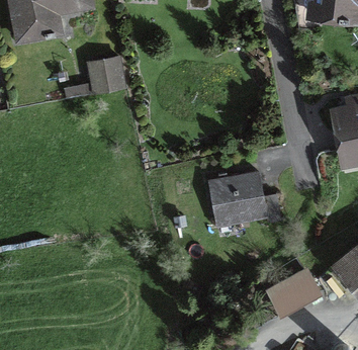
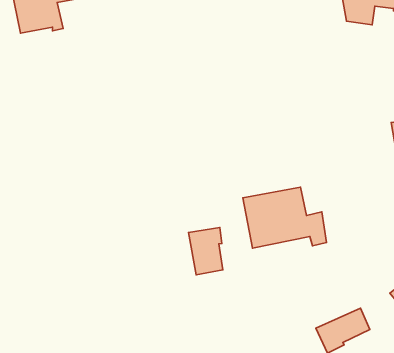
building: [90,58,125,93] -> none
building: none -> [189,227,223,275]

